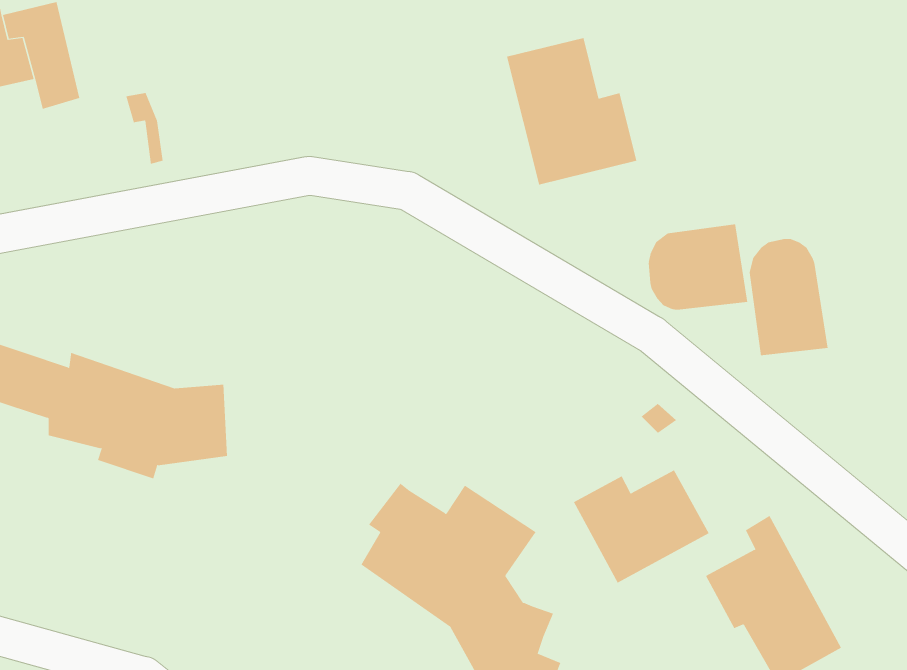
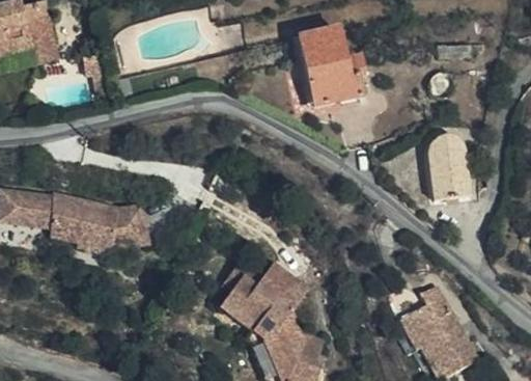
building: [648,224,748,310] -> none
building: [573,469,709,584] -> none

